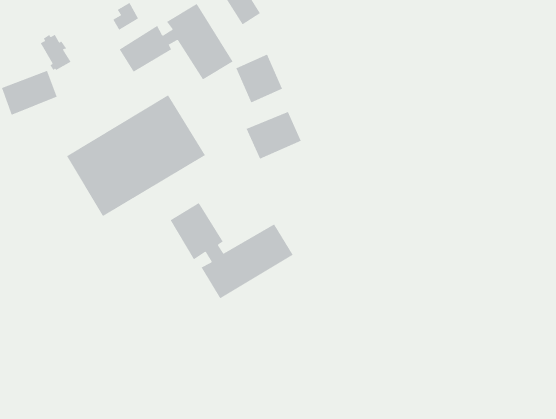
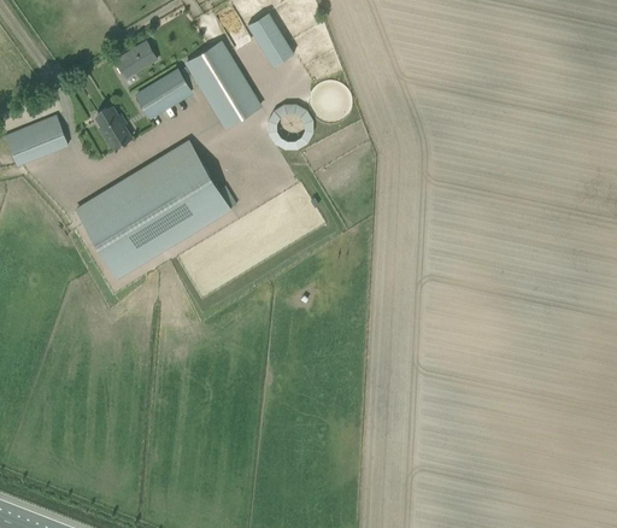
building: [40,34,72,71] -> [95,107,130,147]
building: [246,111,302,159] -> none
building: [170,202,294,299] -> none

